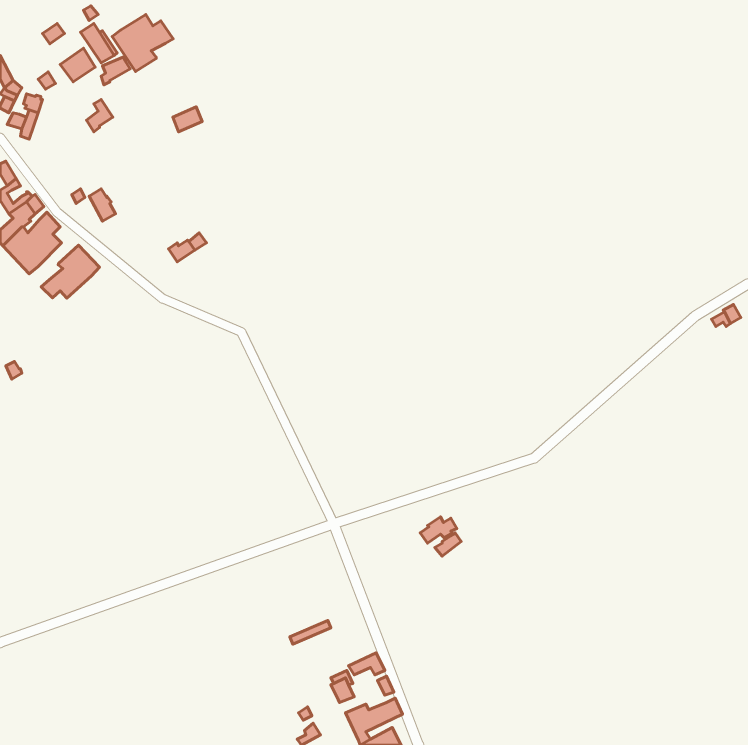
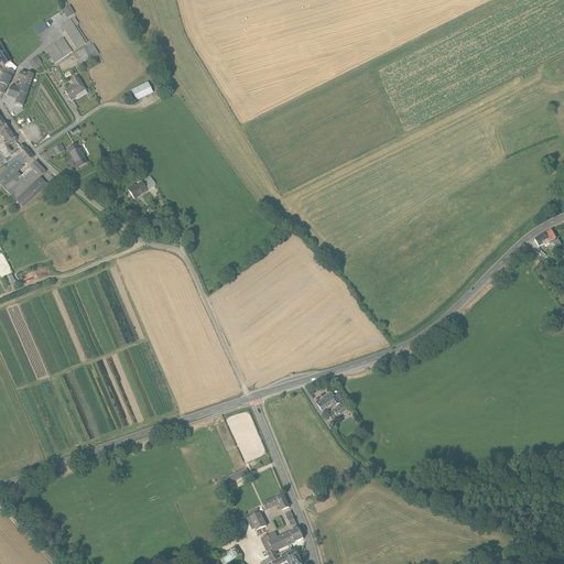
building: [112,14,173,71] -> none
building: [41,245,99,298] -> none

